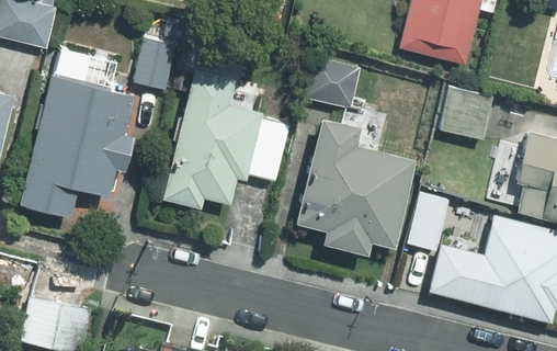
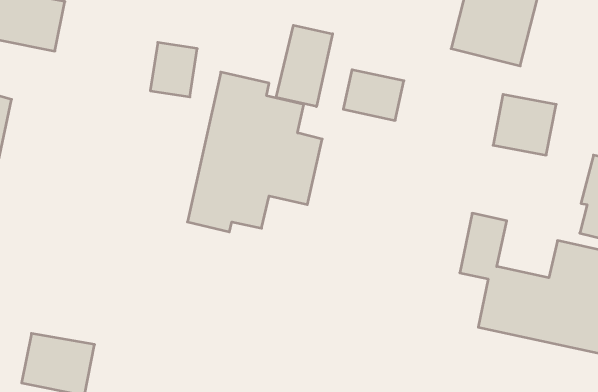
building: none -> [276,25,333,107]
building: [22,72,137,220] -> none
building: [295,116,416,253] -> none

